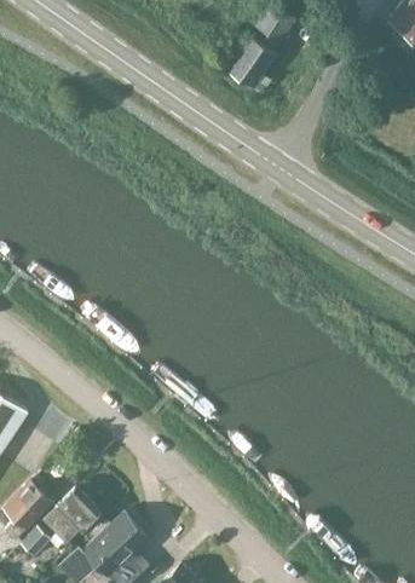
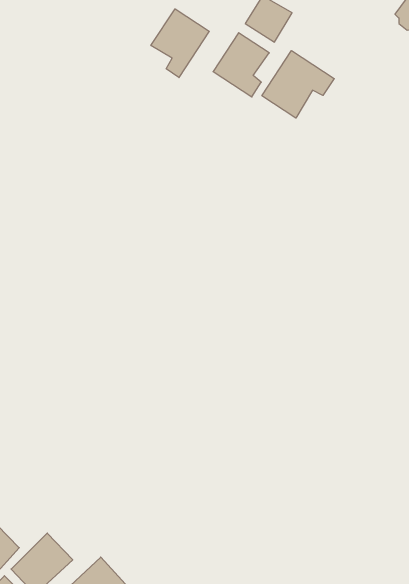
building: none -> [151,9,209,78]
building: none -> [262,51,334,118]

